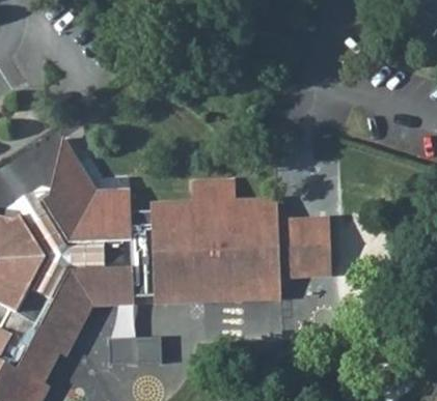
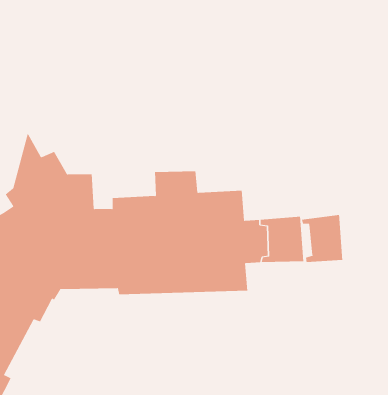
building: none -> [301,214,343,263]

